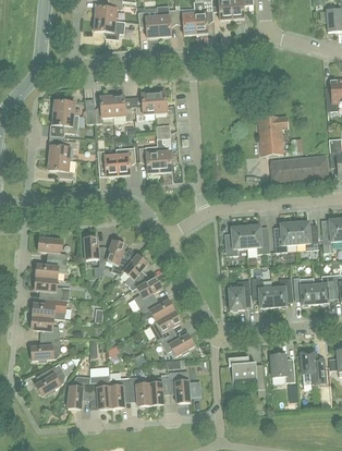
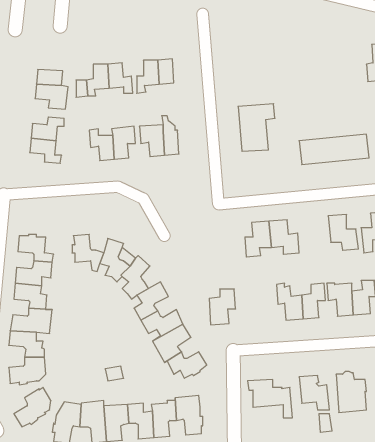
building: [257,115,288,155] -> [238,104,275,151]
building: [274,221,296,252] -> none
building: [229,280,251,309] -> [209,289,236,325]

